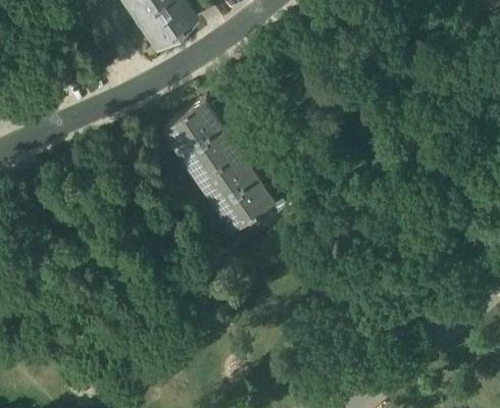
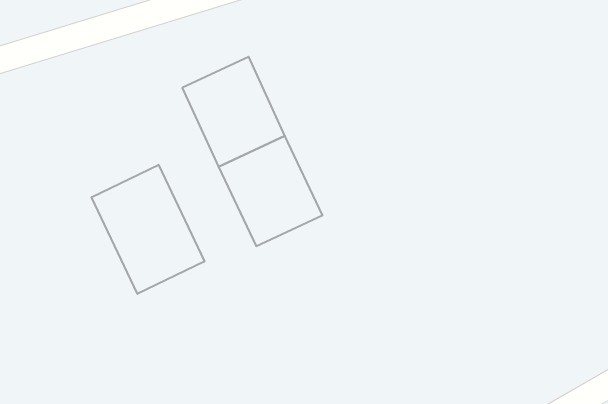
building: none -> [92,165,204,294]

